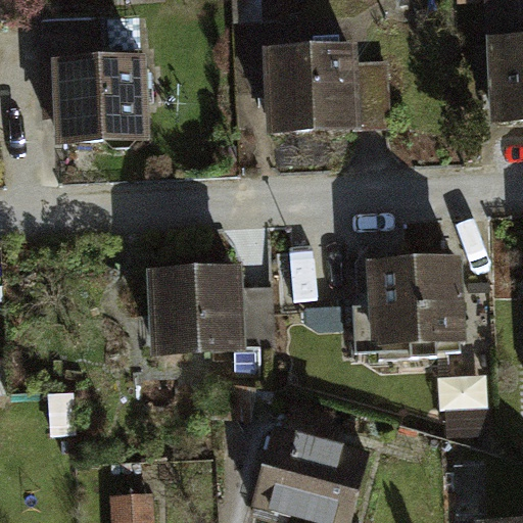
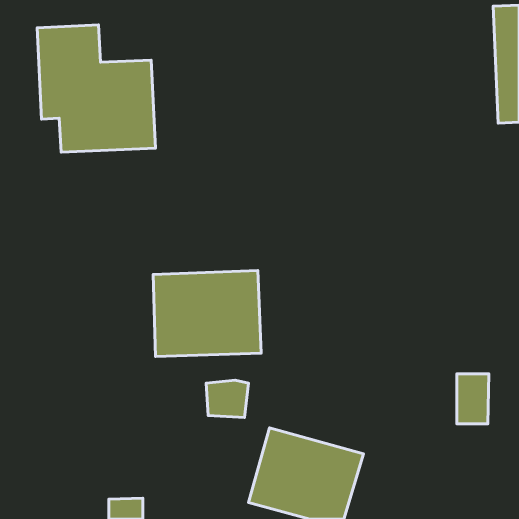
building: [262,50,363,137] -> none
building: [372,245,479,347] -> none

